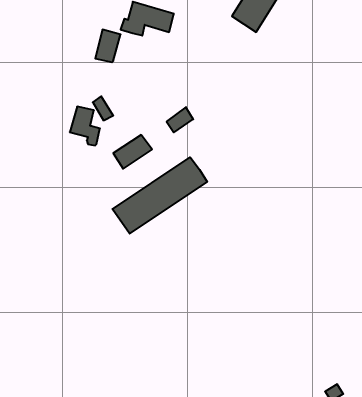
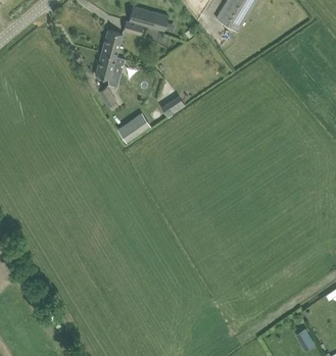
building: [70,107,100,145] -> [95,54,121,87]
building: [112,157,207,234] -> none

